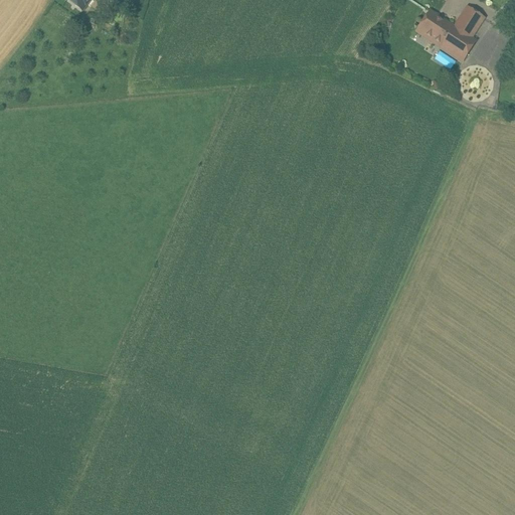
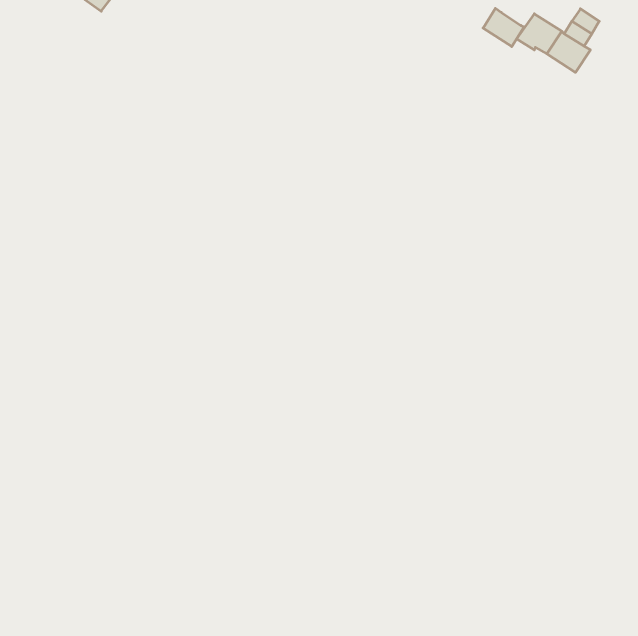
building: none -> [483,8,524,47]

